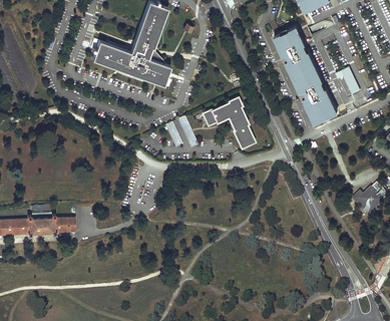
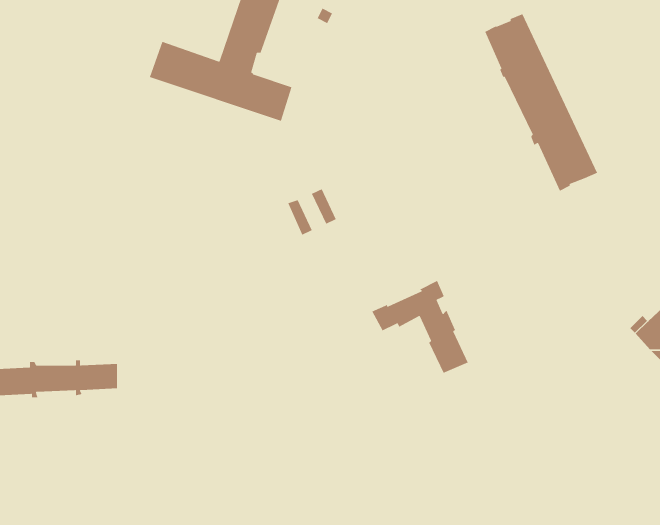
building: [336,67,360,98] -> none
building: [202,97,255,148] -> [371,280,469,374]

